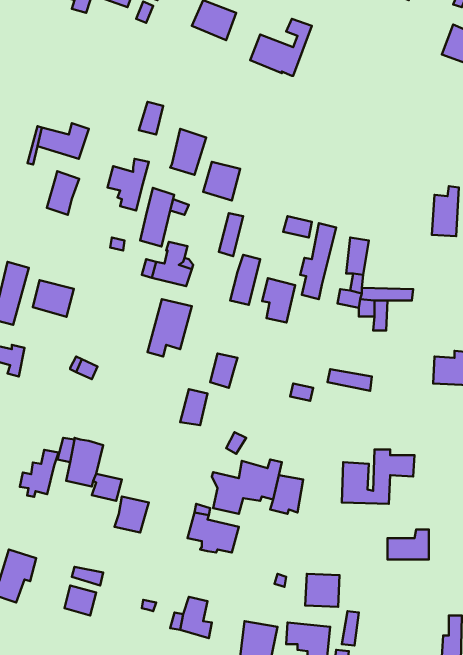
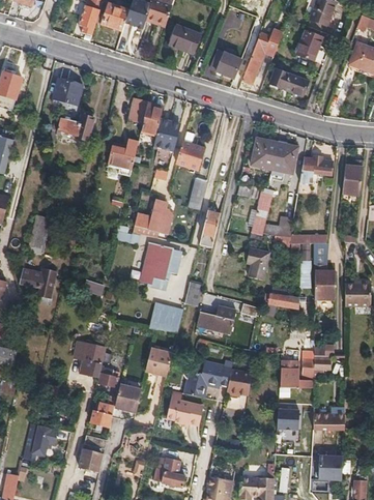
building: none -> [242,30,283,84]
building: none -> [297,31,322,60]
building: none -> [270,68,308,95]
building: none -> [54,79,84,106]
building: none -> [249,139,297,174]
building: [47,171,79,215] -> none
building: none -> [299,156,333,183]
building: [140,188,174,246] -> [139,101,164,144]
building: [262,278,295,323] -> [244,248,268,281]
building: [33,280,74,317] -> none
building: none -> [316,263,335,299]
building: none -> [196,307,236,332]
building: none -> [143,348,170,375]
building: [20,450,58,497] -> [88,394,116,429]
building: [305,574,340,607] -> [275,407,299,431]
building: none -> [317,455,340,478]

